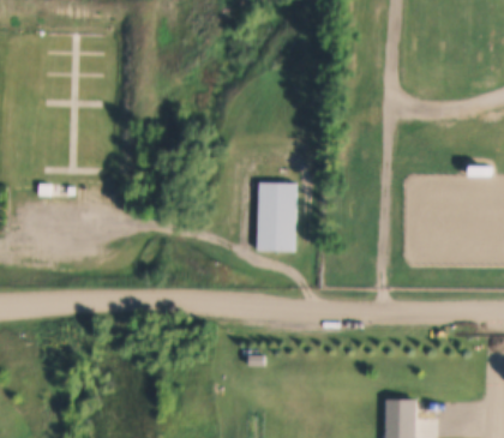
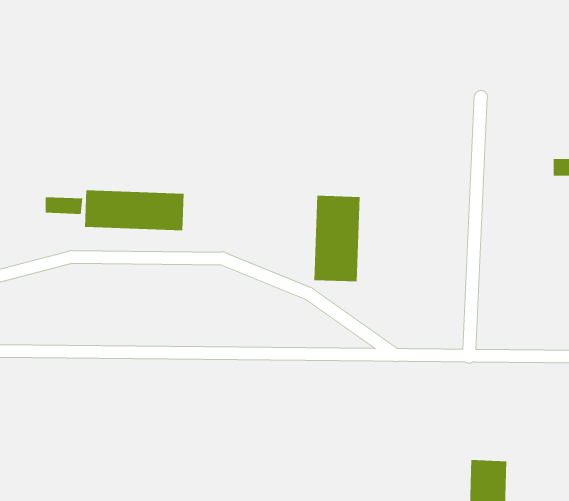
building: none -> [84,189,184,231]

